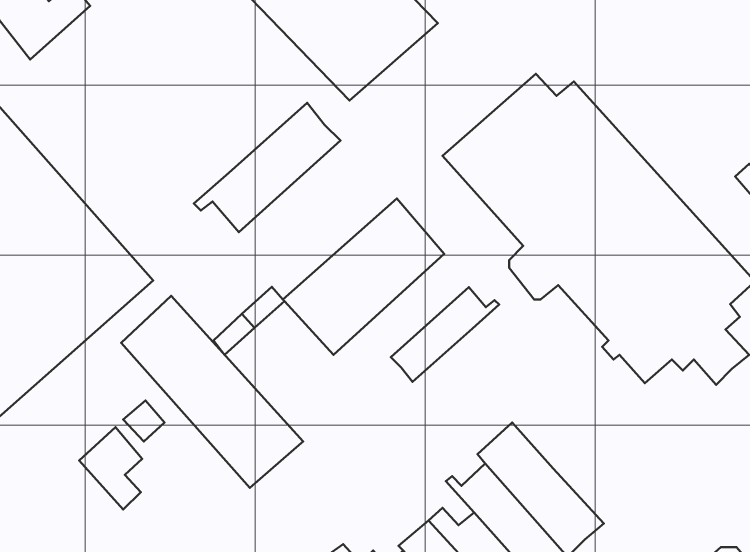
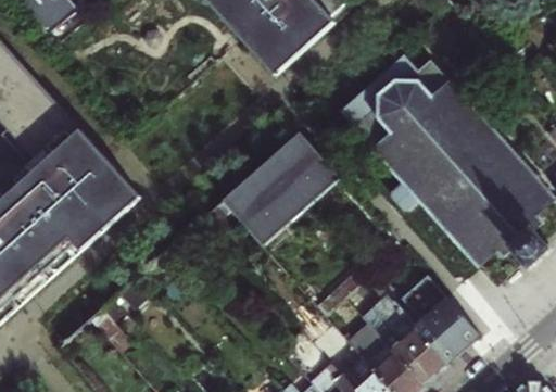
building: [194,103,341,232] -> none
building: [391,287,499,382] -> none
building: [121,296,303,488] -> none
building: none -> [401,274,479,363]

